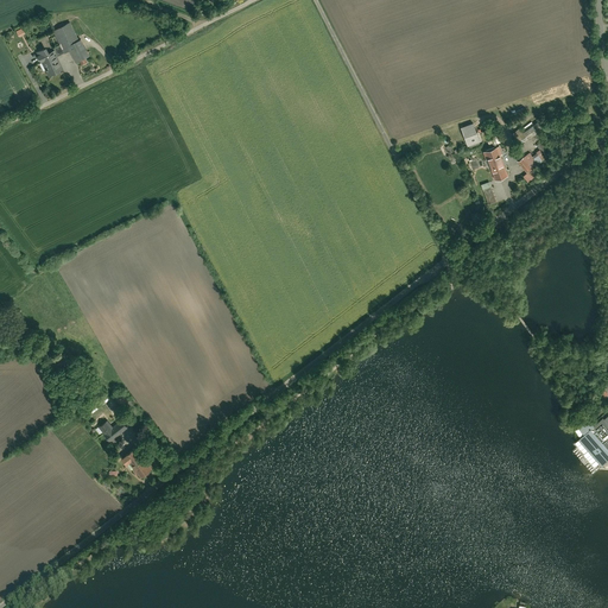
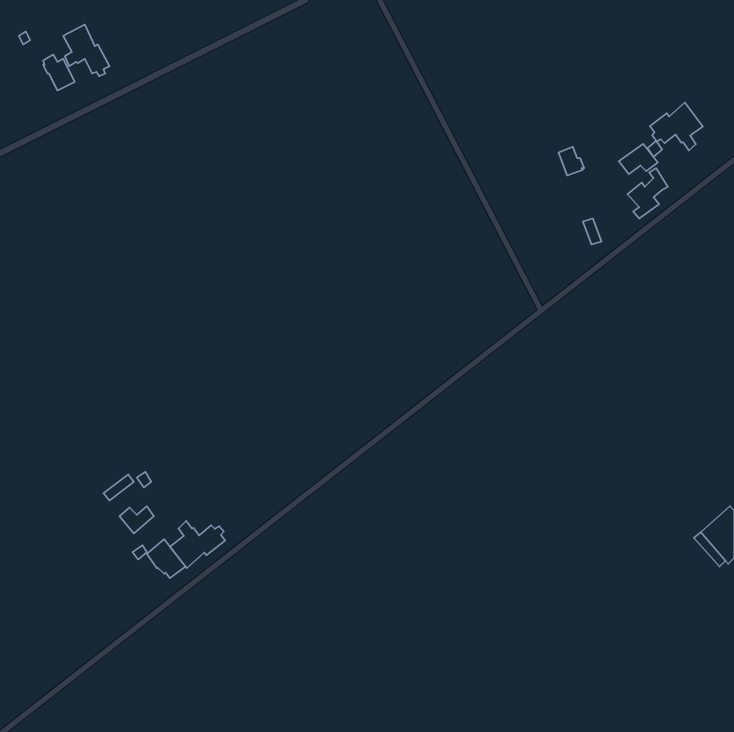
building: none -> [650,103,703,151]
building: [482,146,508,182] -> none
building: none -> [170,521,225,568]

